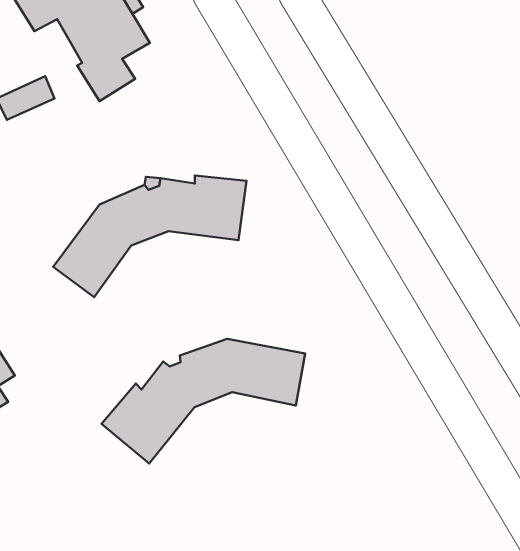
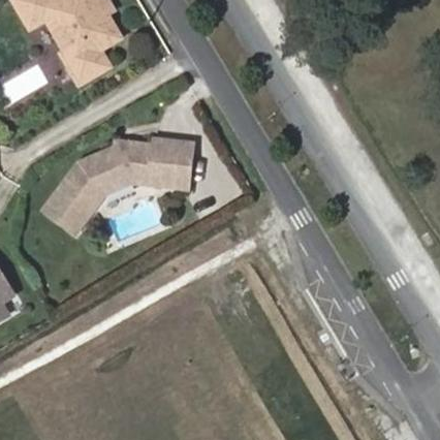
building: [101,339,305,463] -> none

